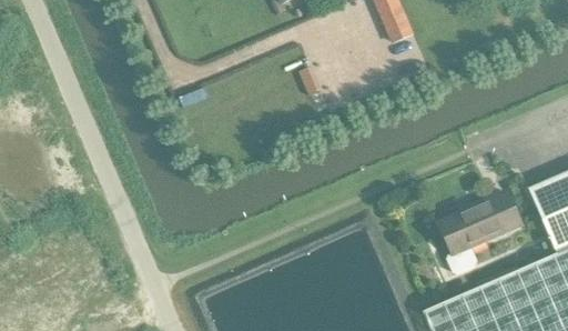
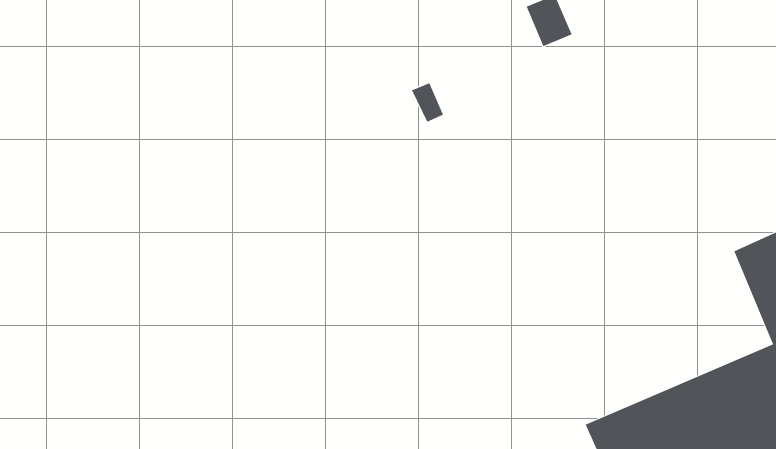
building: [438,191,523,273] -> none

